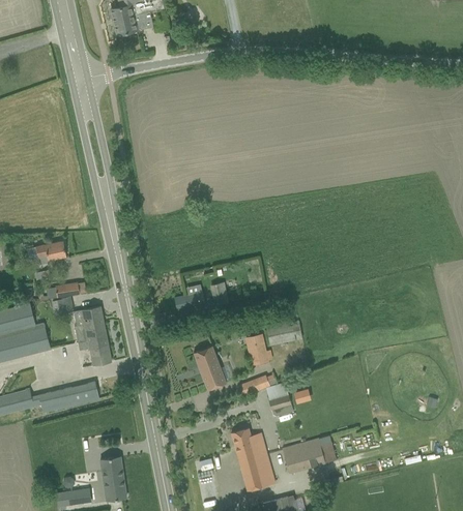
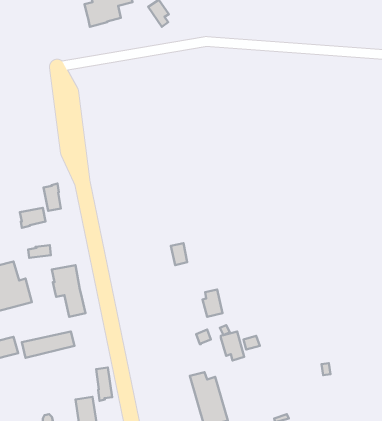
building: none -> [44,184,61,211]
building: [173,292,205,312] -> none
building: [266,321,302,344] -> none
building: [193,345,225,390] -> none
building: none -> [96,368,112,401]
building: [282,435,336,473] -> none

